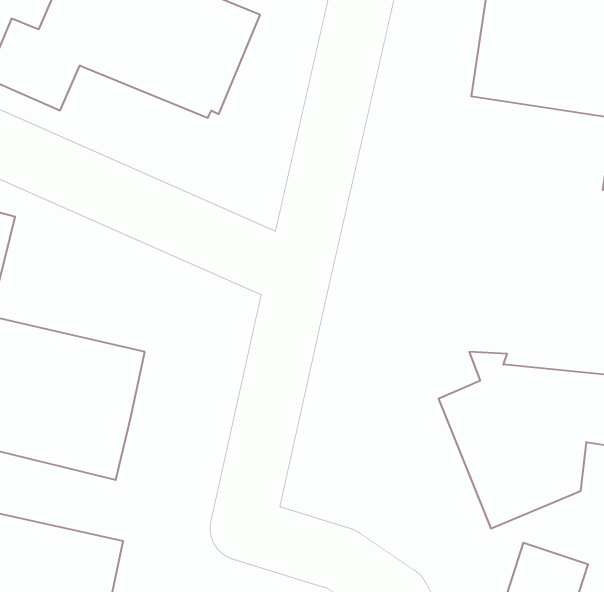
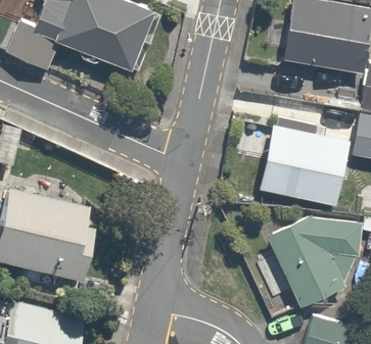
building: none -> [245,124,350,204]

